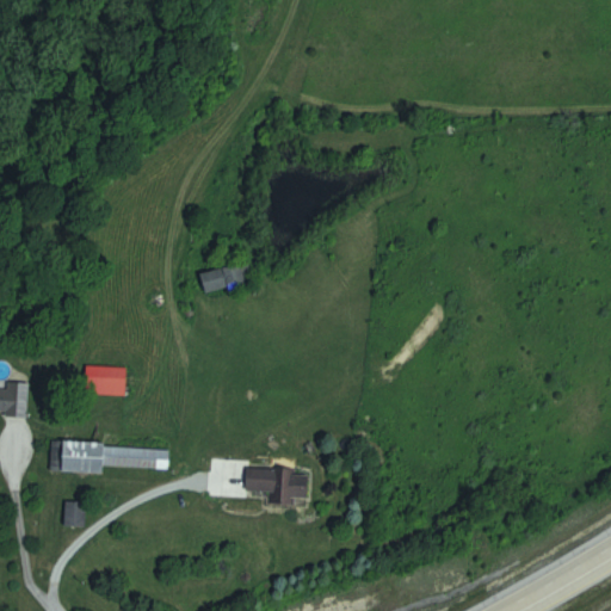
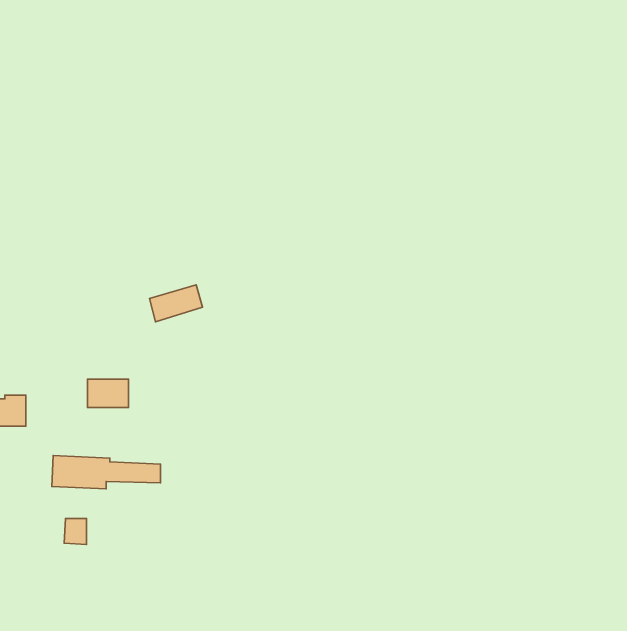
building: [200,260,252,296] -> [149,285,202,322]
building: [247,467,308,500] -> none

